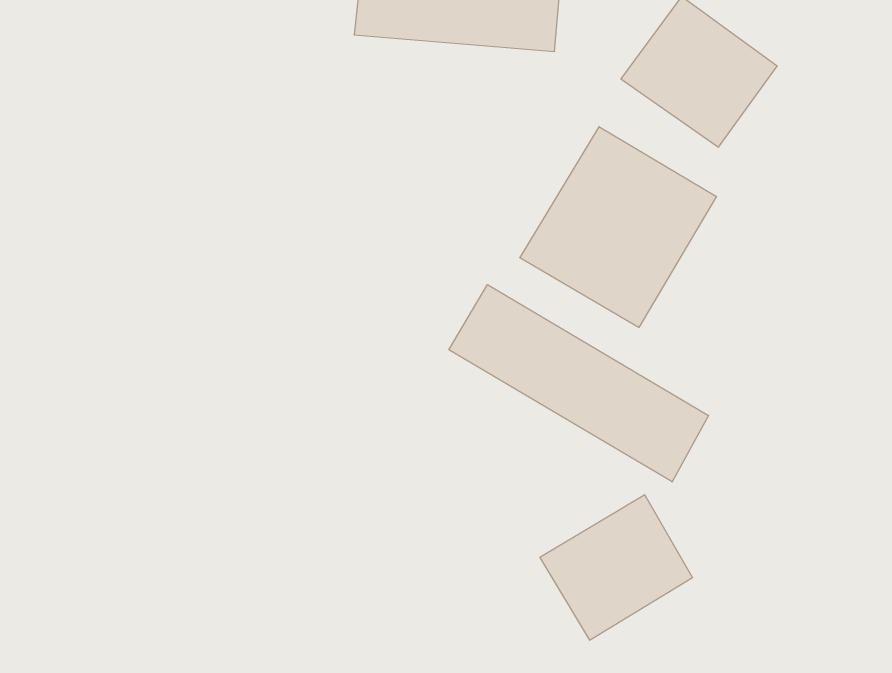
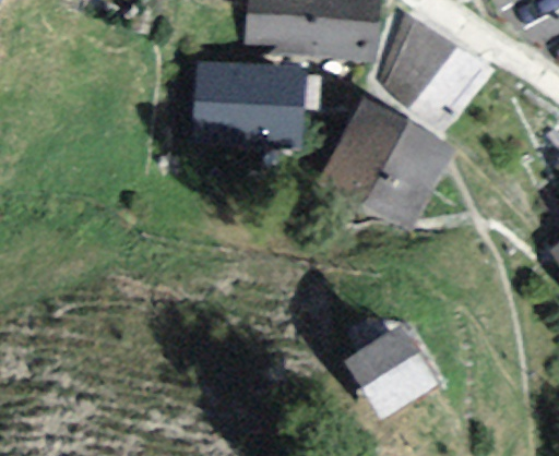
building: none -> [200,65,304,137]
building: [449,285,709,482] -> none

